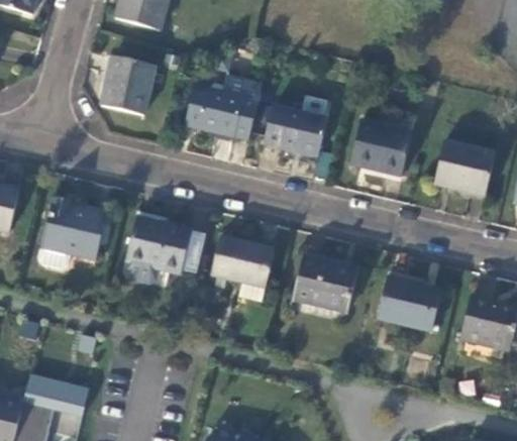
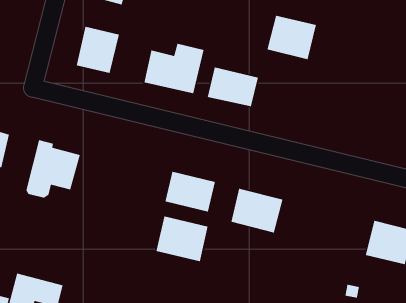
building: [350,121,413,178] -> [267,15,317,60]
building: [434,140,496,197] -> none
building: [126,217,192,274] -> [156,216,209,262]
building: [378,277,443,333] -> none

